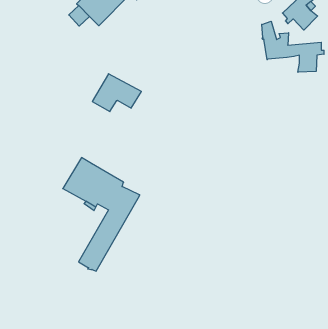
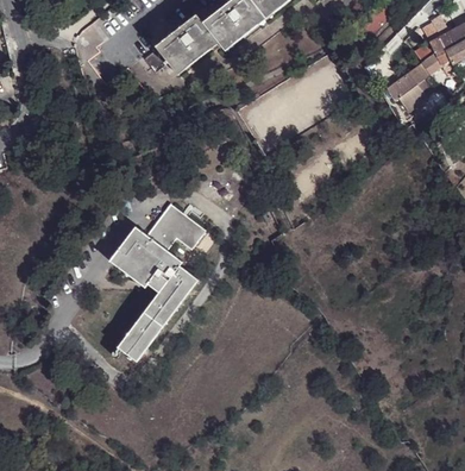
building: [262,21,324,72] -> none
building: [92,74,141,112] -> [146,205,205,249]

